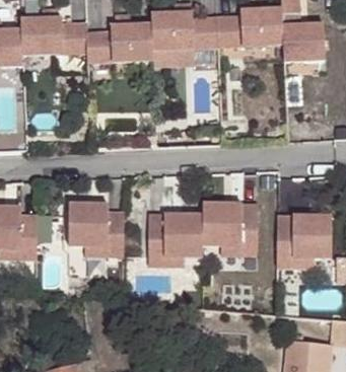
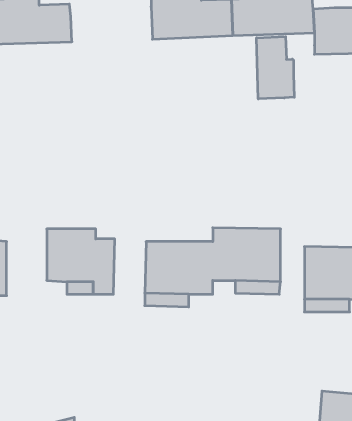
building: [87,24,153,63] -> none
building: none -> [257,37,294,99]

